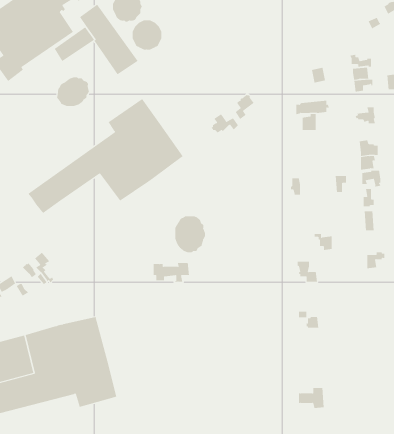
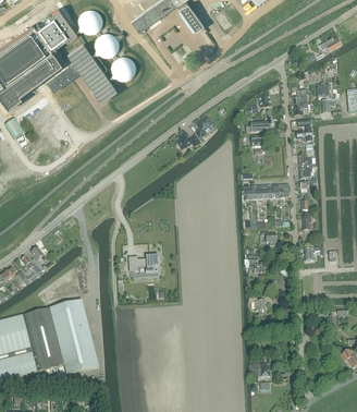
building: [57,77,89,107] -> none
building: [28,98,183,214] -> none
building: [175,216,206,253] -> none

